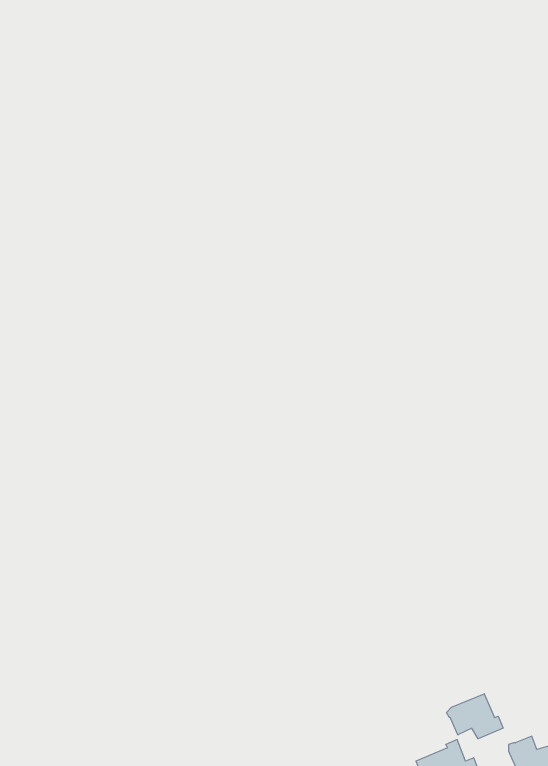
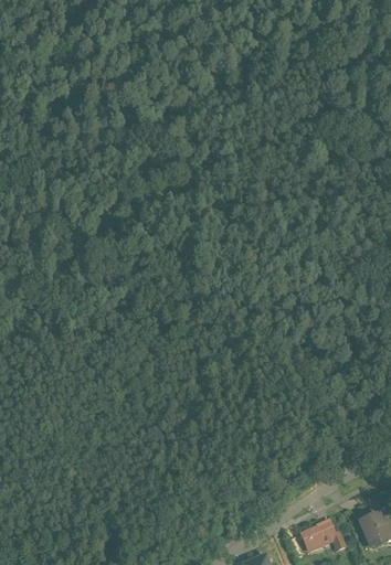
building: [447,694,503,739] -> none

